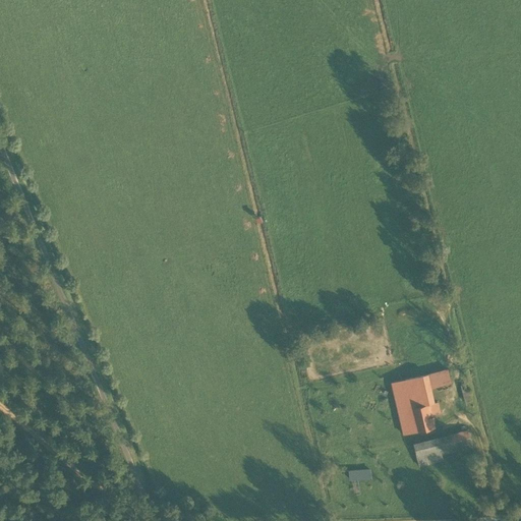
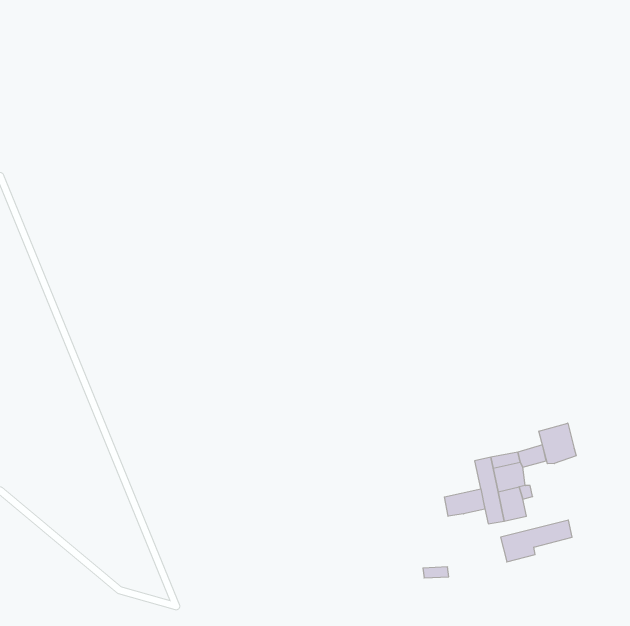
building: none -> [539,423,576,464]
building: none -> [444,489,485,516]

